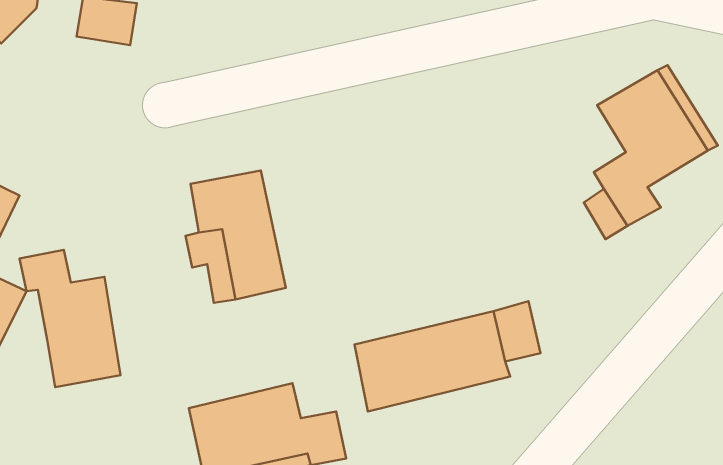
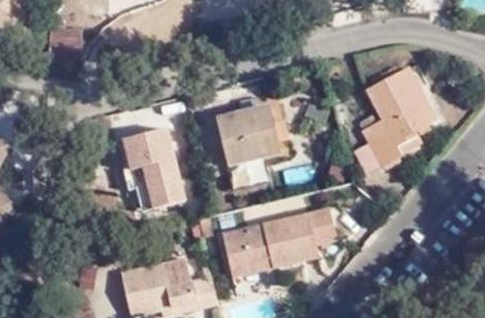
building: none -> [216,105,277,182]
building: [19,250,121,387] -> none

